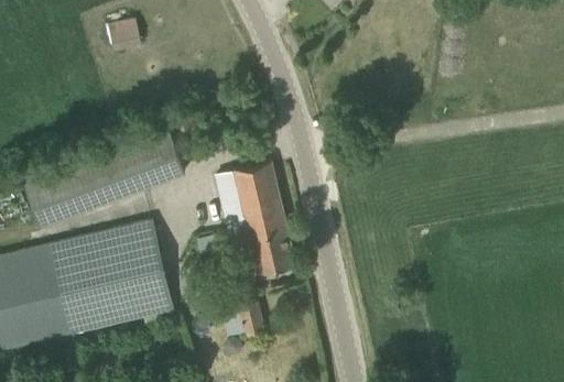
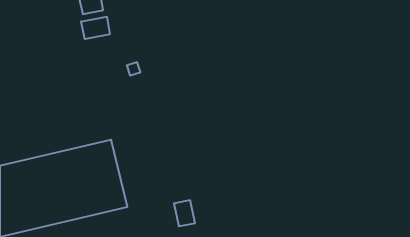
building: none -> [81,17,110,39]
building: [216,161,295,277] -> none

